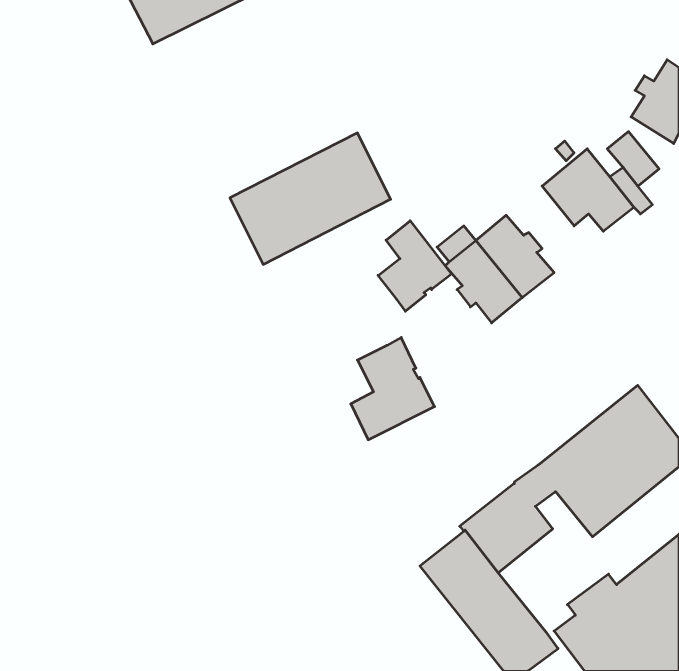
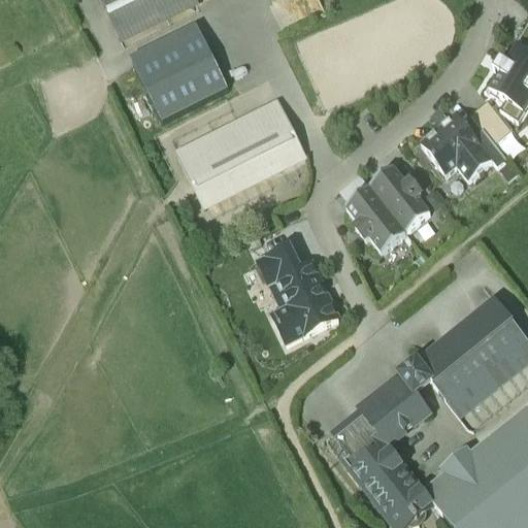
building: none -> [120,20,226,119]
building: [378,221,452,311] -> none
building: none -> [260,248,300,284]

